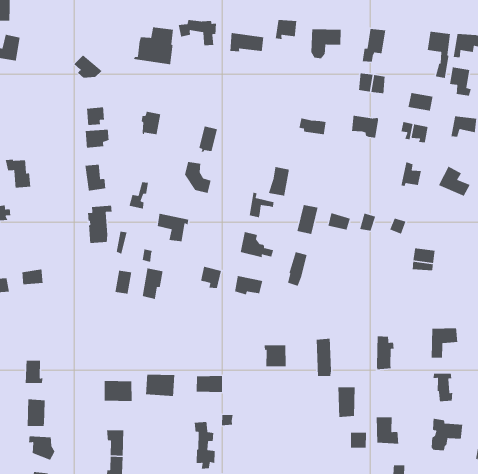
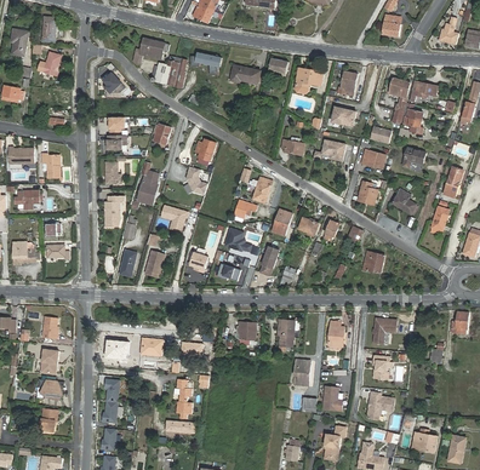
building: none -> [131,39,167,63]

